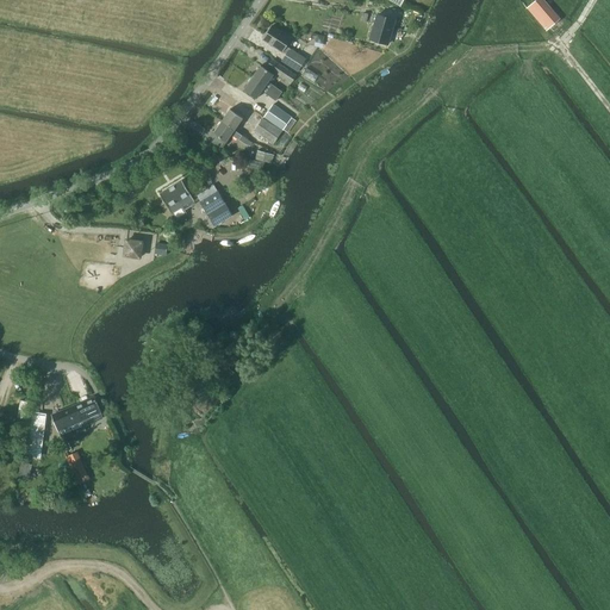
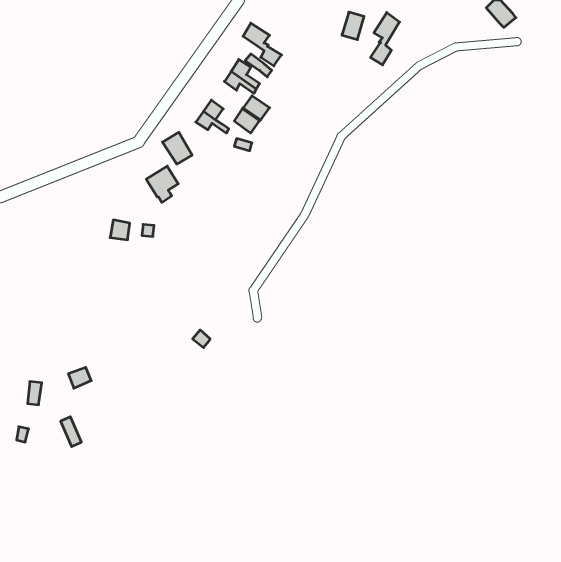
building: none -> [371,12,400,65]
building: [200,191,232,225] -> [162,132,192,164]
building: [52,405,86,440] -> none

